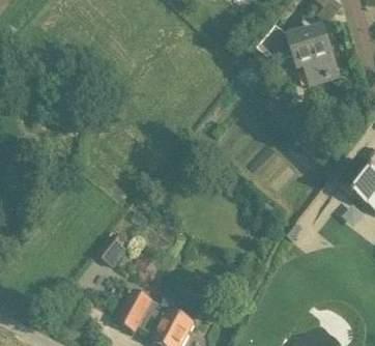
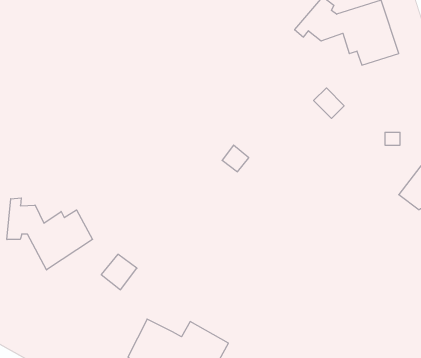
building: none -> [7,198,93,270]

